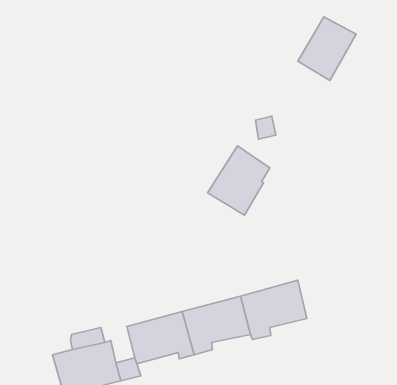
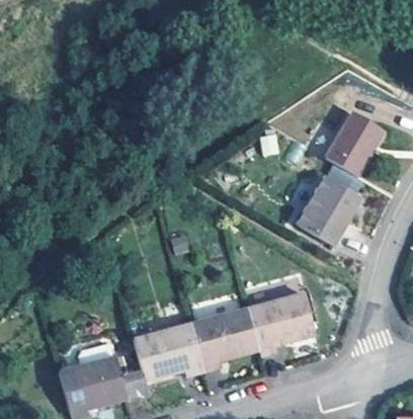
building: [298,17,356,80] -> [326,112,385,176]
building: [207,146,270,215] -> [295,174,357,244]

